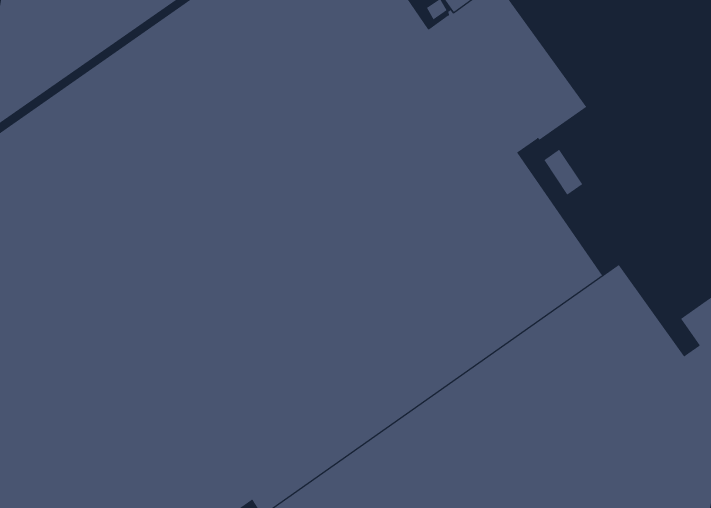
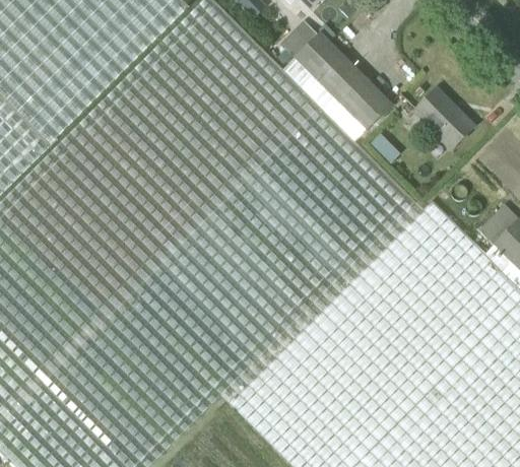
building: none -> [413,88,473,148]

